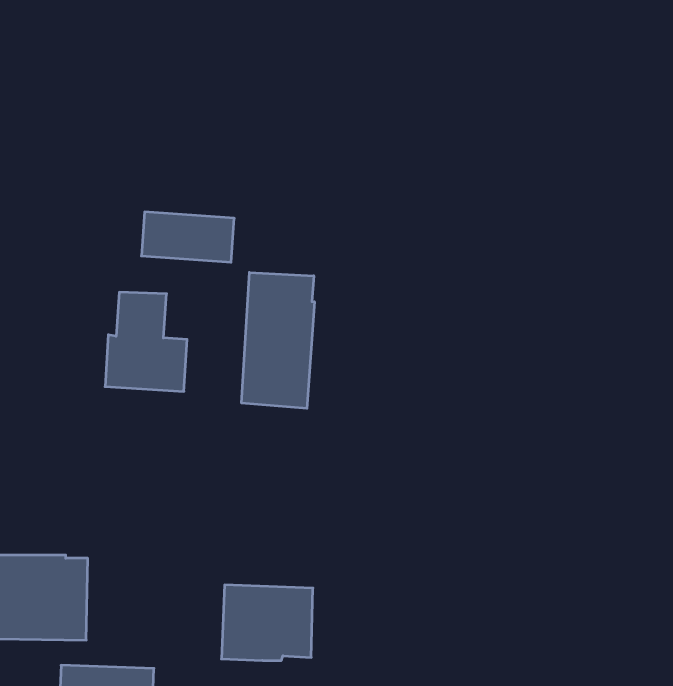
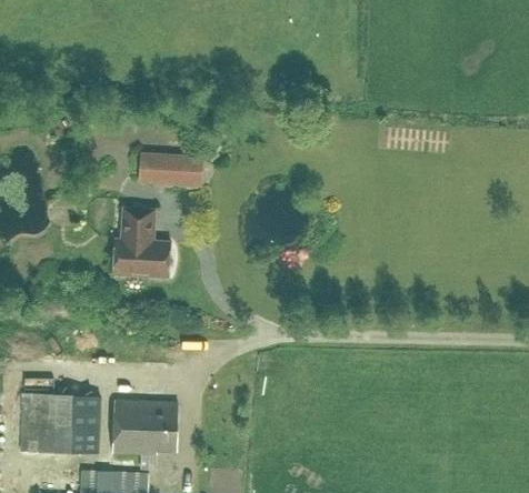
building: [242,272,314,408] -> none
building: [221,585,313,660] -> [112,401,177,454]

